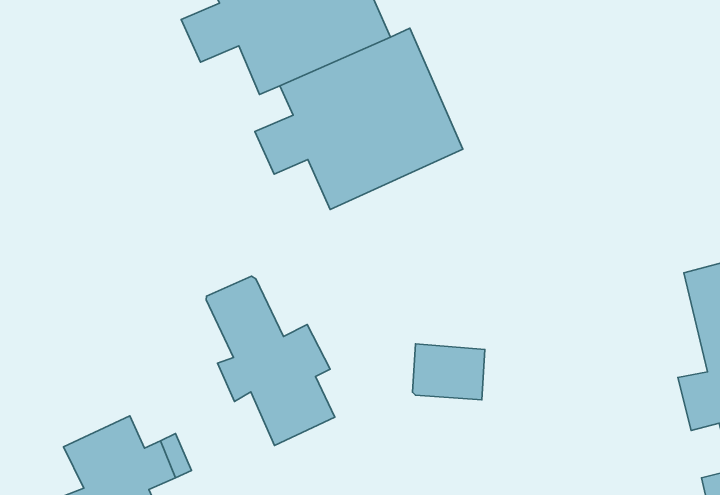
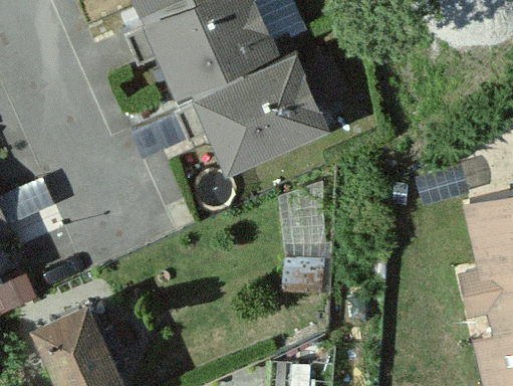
building: [206,276,335,445] -> none

